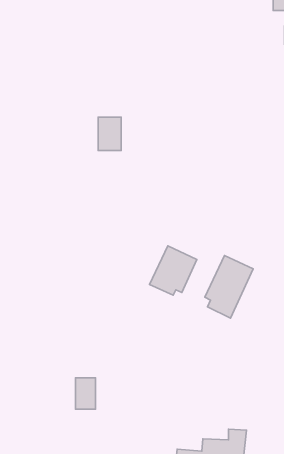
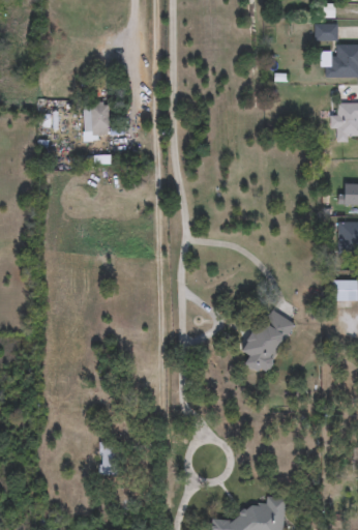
building: [98,117,121,150] -> [84,102,109,139]
building: [149,246,197,295] -> none

